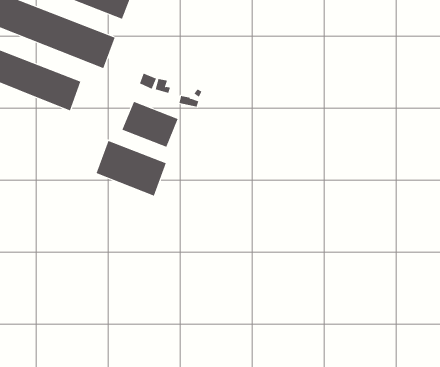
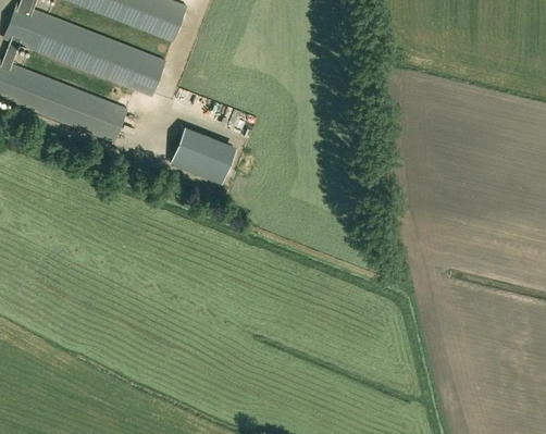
building: [96,140,166,196] -> none

